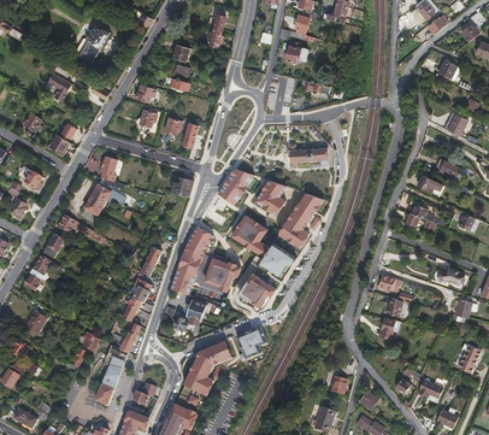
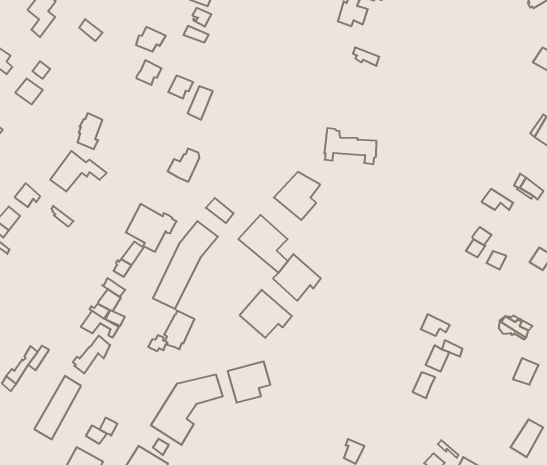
building: [218,167,257,205] -> none
building: [279,192,325,247] -> none
building: [205,257,242,292] -> [126,204,177,252]

